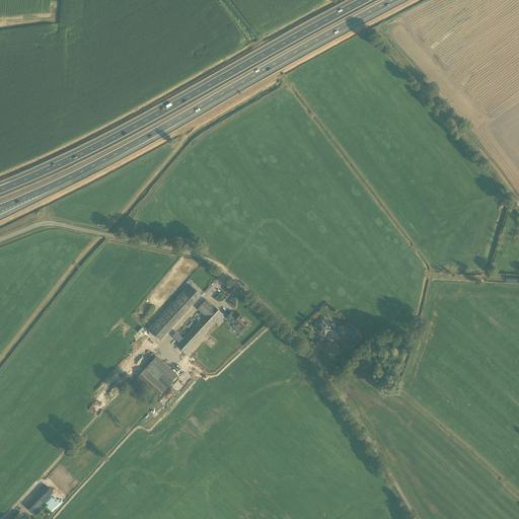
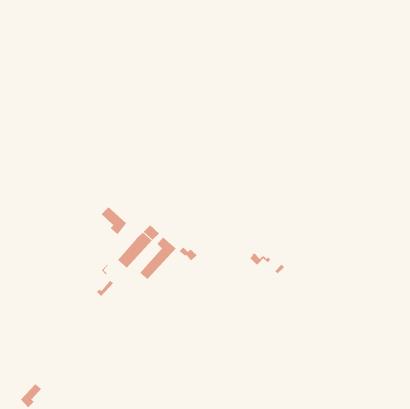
building: none -> [101,206,127,235]
building: [134,355,177,399] -> none

